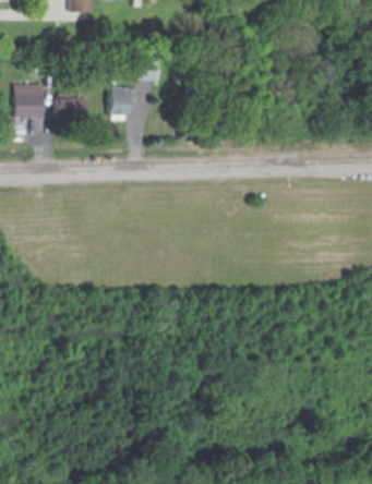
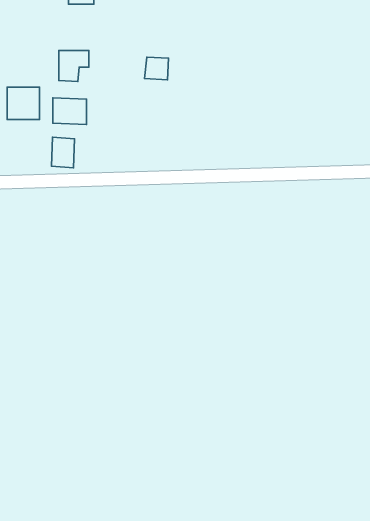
building: [109,87,136,116] -> [59,50,89,82]
building: none -> [51,137,74,168]

